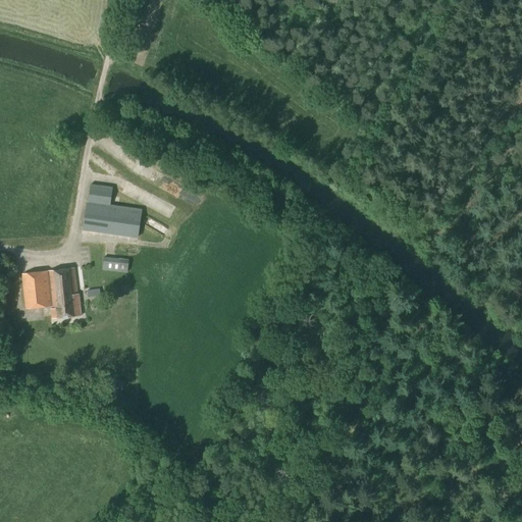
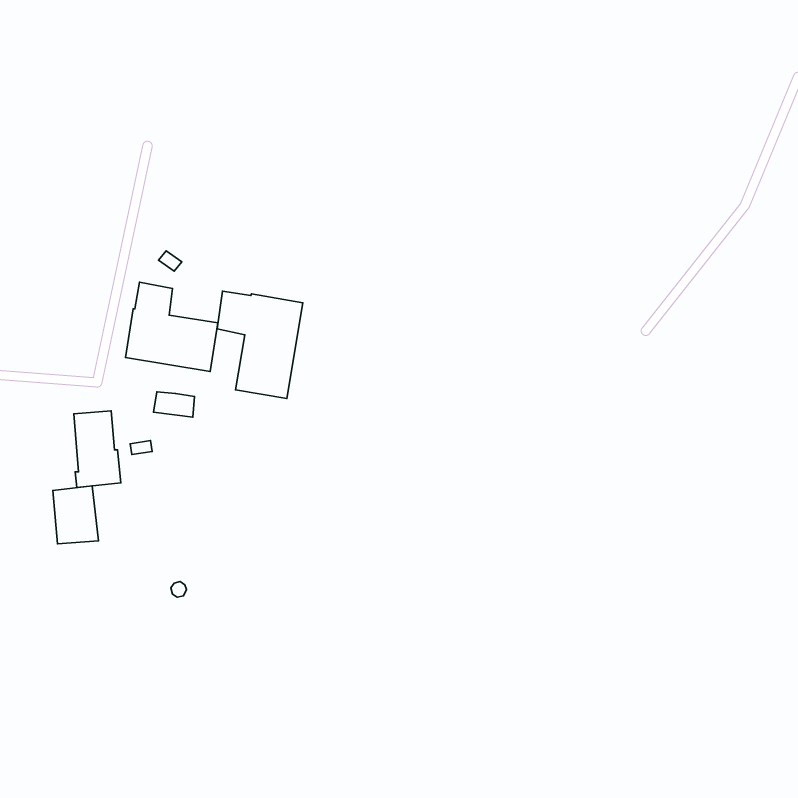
building: none -> [217,291,303,399]
building: [20,269,50,307] -> [53,486,98,544]

